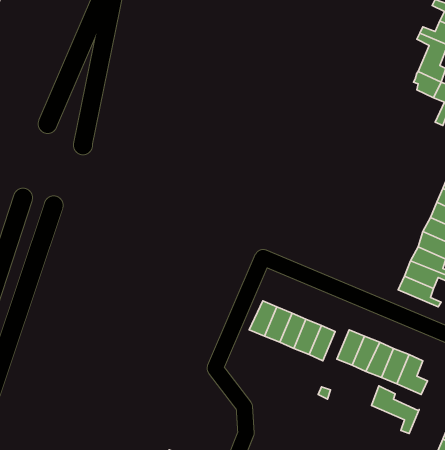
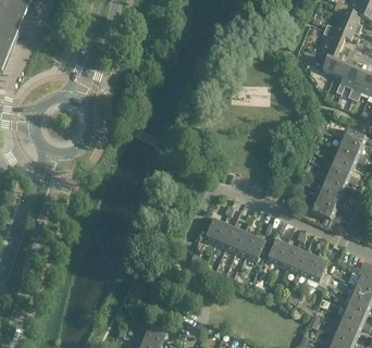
building: [372,386,419,434] -> none

